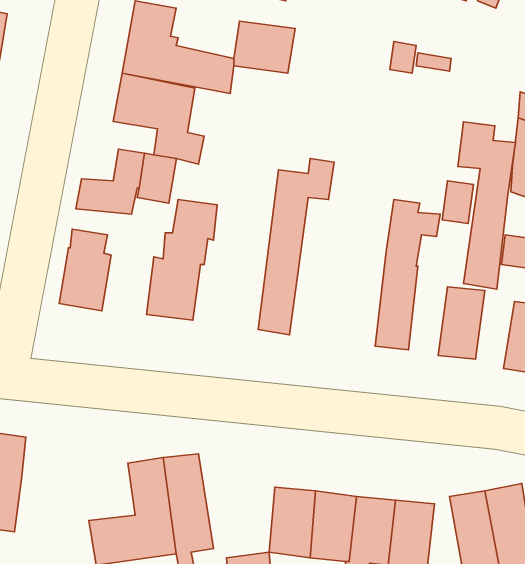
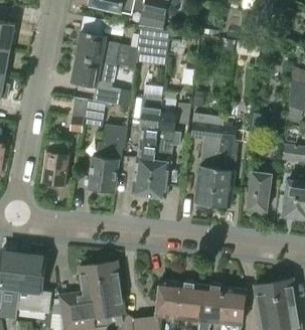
building: [458,122,515,289] -> [191,113,222,203]
building: none -> [132,106,160,194]
building: none -> [16,253,50,312]

